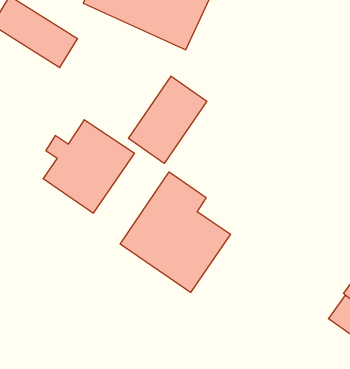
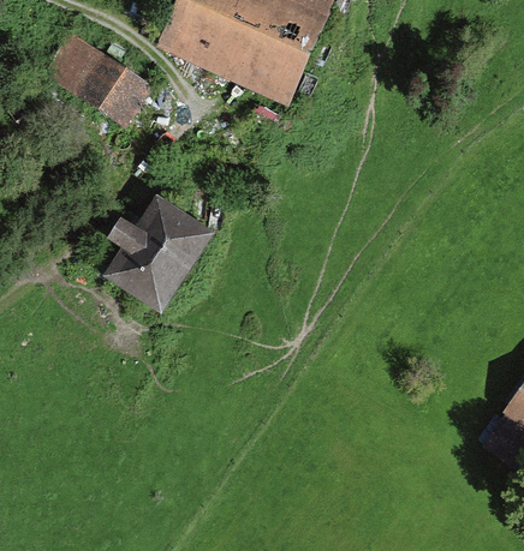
building: [128,76,207,163] -> none
building: [120,172,231,292] -> none

